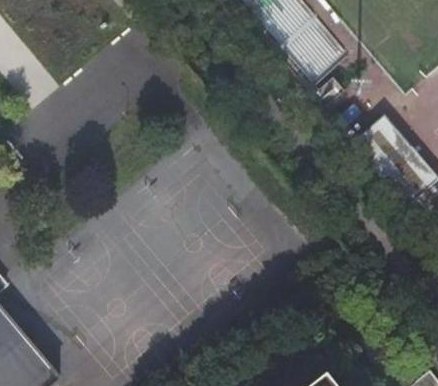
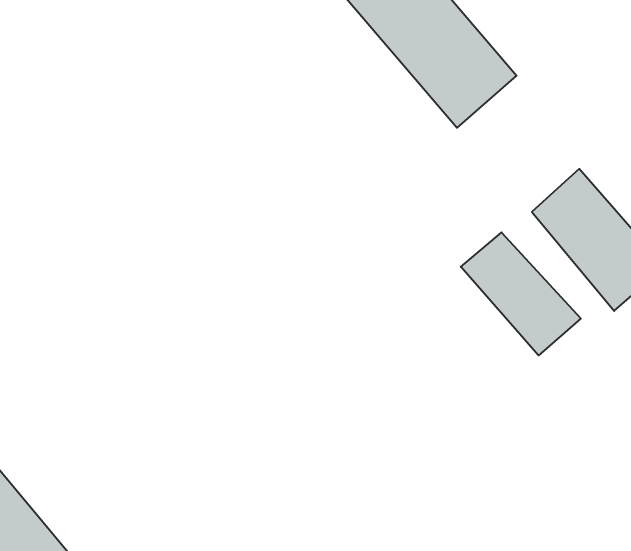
building: none -> [461,232,581,355]

